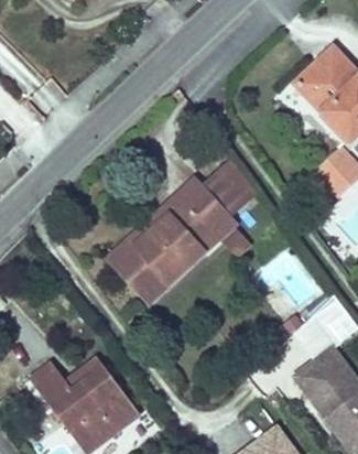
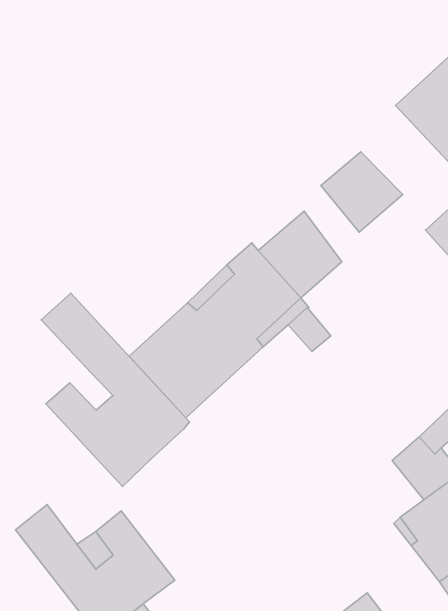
building: none -> [321,152,403,232]
building: none -> [41,293,189,487]

